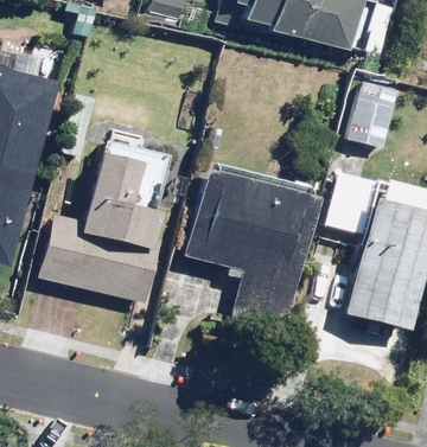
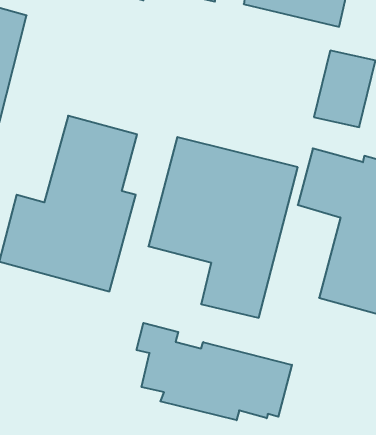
building: none -> [137,323,292,420]

